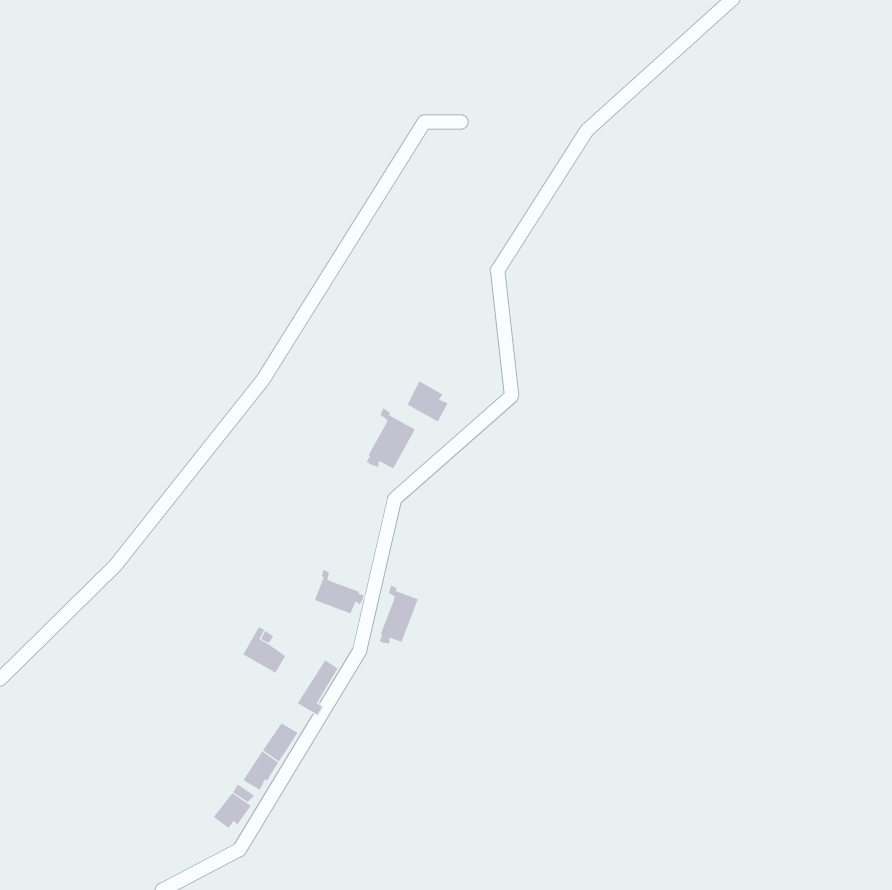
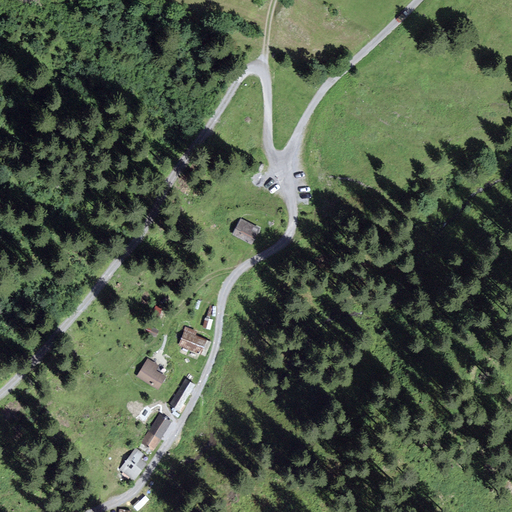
building: [366,407,416,469] -> none
building: [379,585,418,644] -> none

